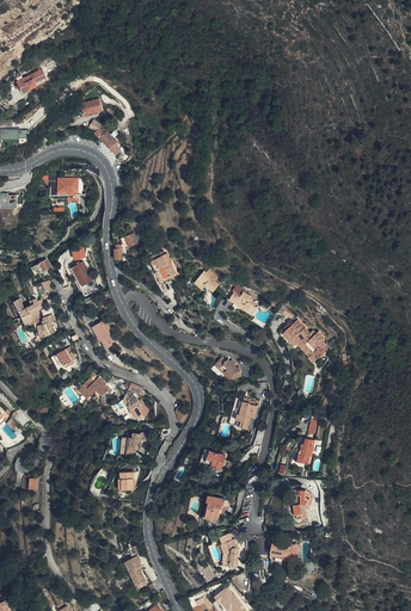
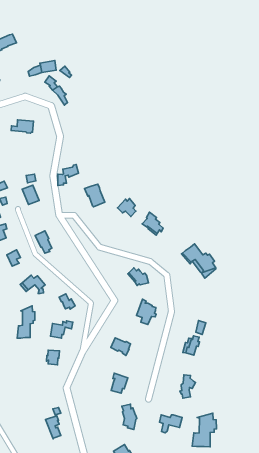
building: none -> [17,306,35,338]
building: none -> [192,413,217,447]

